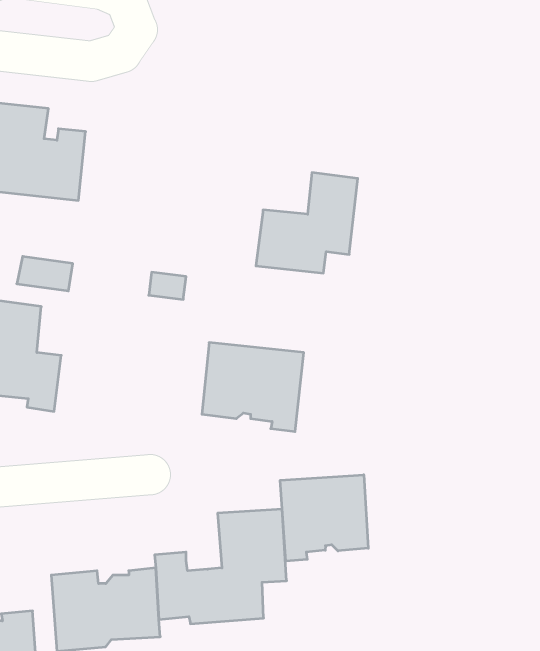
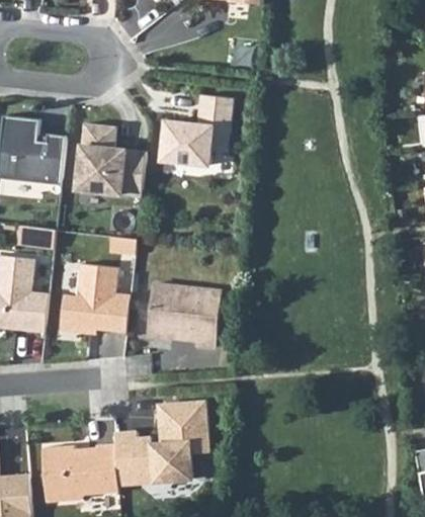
building: none -> [77,123,146,195]
building: [256,173,358,273] -> [161,94,233,165]
building: none -> [60,264,130,333]
building: [280,475,368,561] -> none

